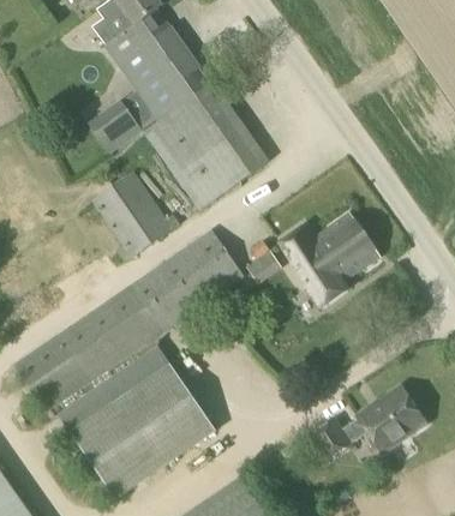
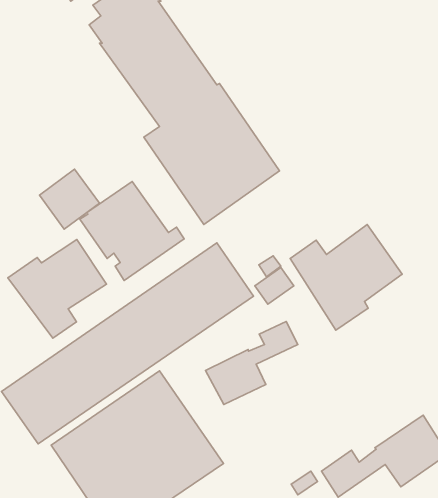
building: [88,98,143,154] -> [39,169,99,229]
building: none -> [8,240,107,338]
building: none -> [206,321,298,404]

